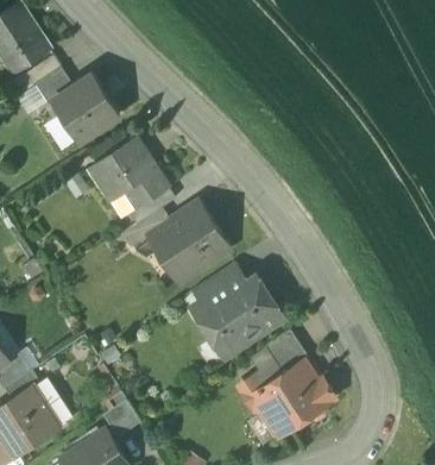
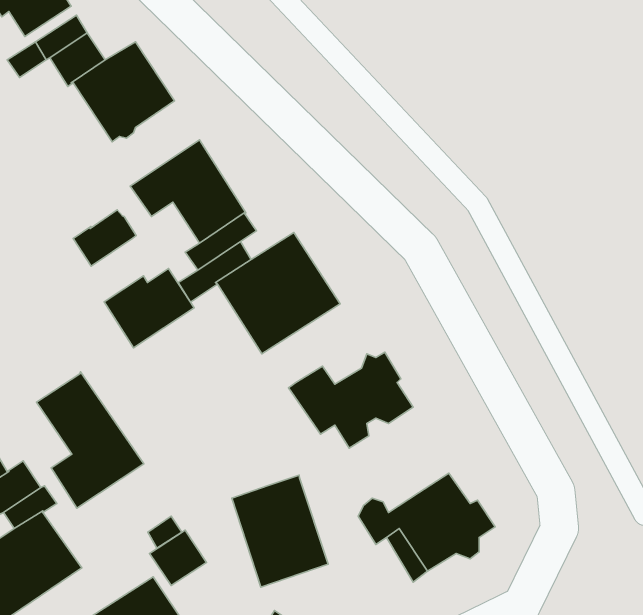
building: none -> [73,210,136,266]
building: none -> [104,268,194,348]
building: [194,262,248,301] -> none
building: none -> [36,372,144,508]
building: [265,329,308,373] -> none
building: none -> [232,475,328,587]

